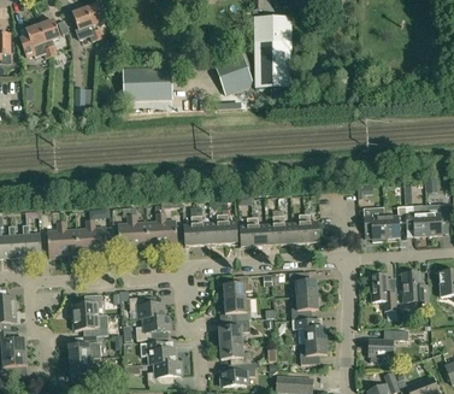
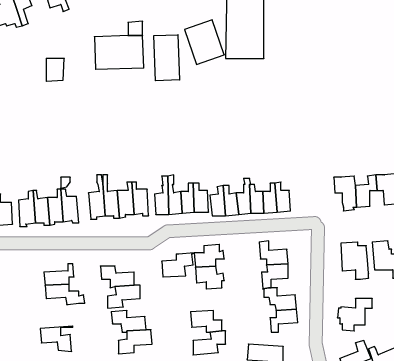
building: none -> [154,35,180,81]
building: [218,318,250,342] -> [162,253,194,277]
building: [69,335,101,359] -> none

